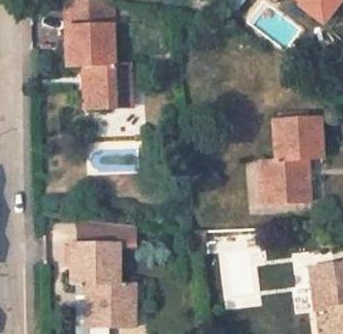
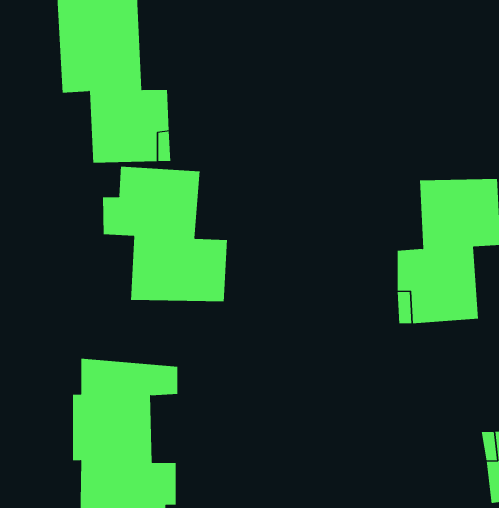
building: none -> [103,166,228,302]

